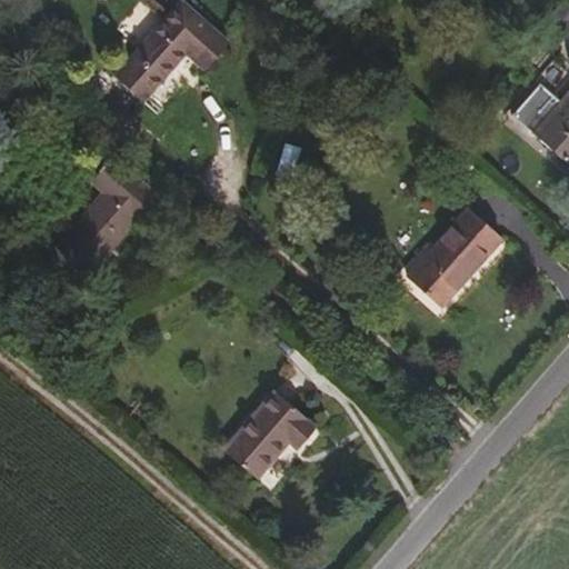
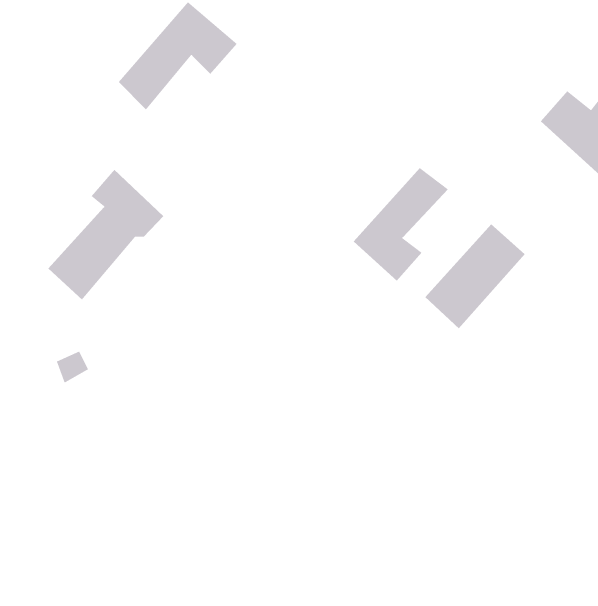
building: none -> [353,167,449,282]
building: [219,380,325,480] -> none

